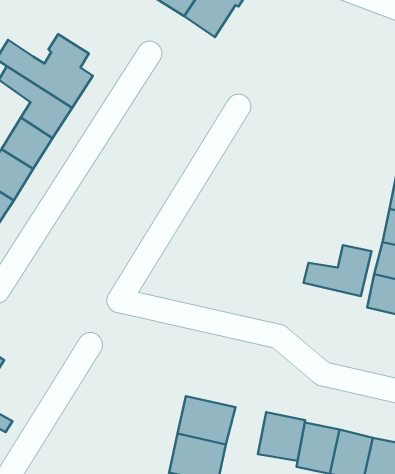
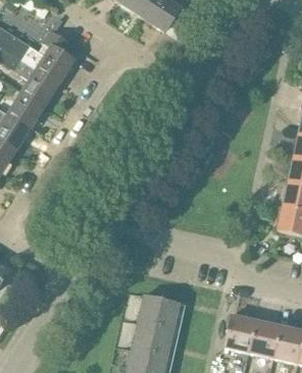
building: [303,245,371,296] -> none
building: [258,412,305,461] -> none

